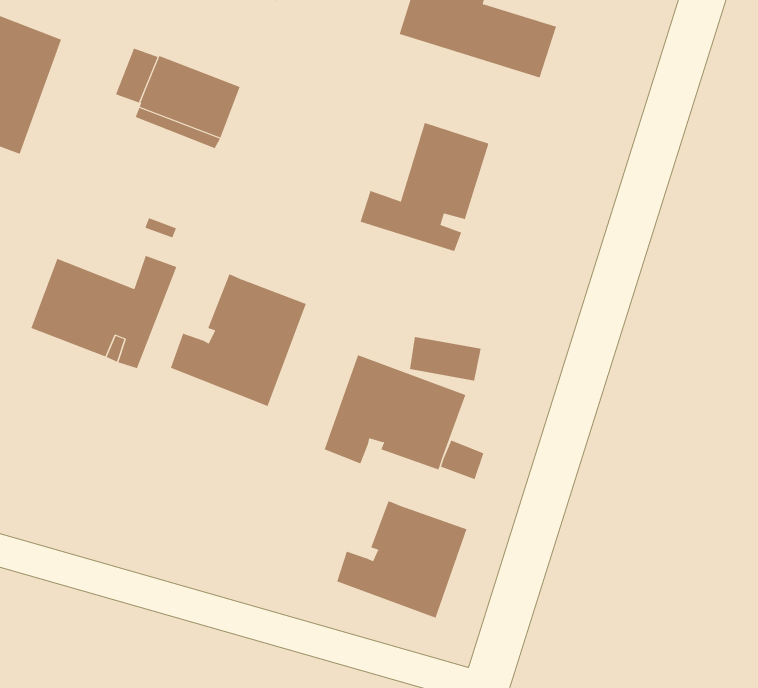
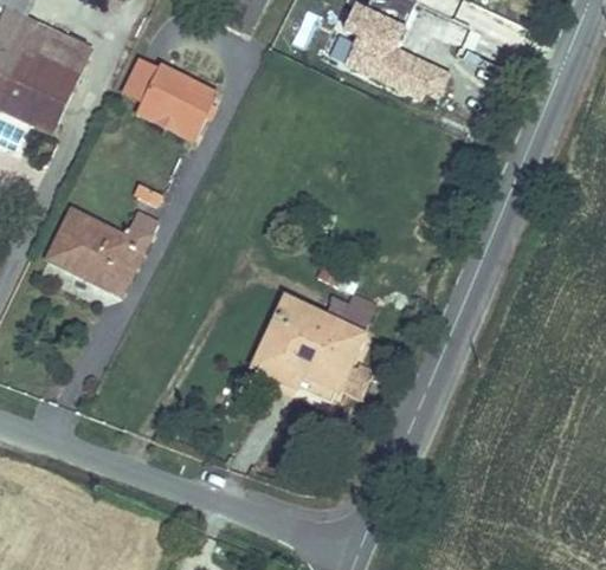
building: [360,122,489,252] -> none
building: [170,274,307,407] -> none
building: [336,500,467,618] -> none

